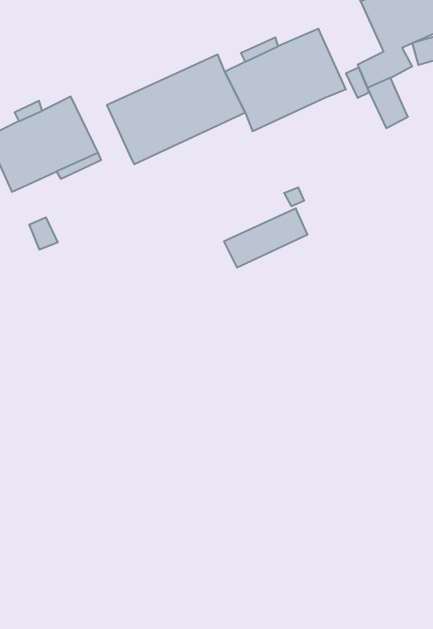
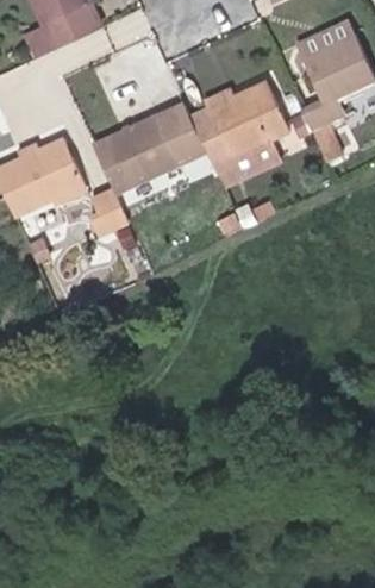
building: none -> [88,188,127,234]
building: [224,208,308,268] -> [212,138,281,187]

